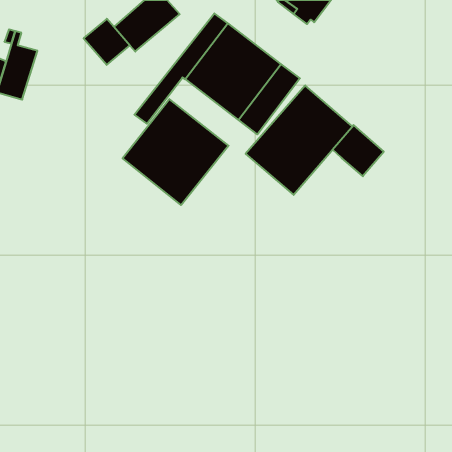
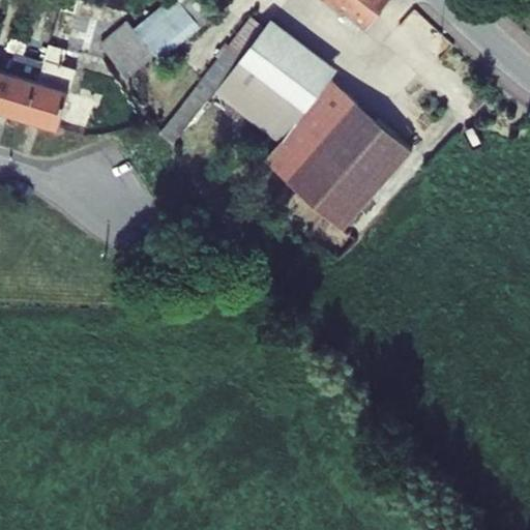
building: none -> [26,47,73,128]
building: [123,99,229,205] -> none
building: [332,125,384,176] -> none

